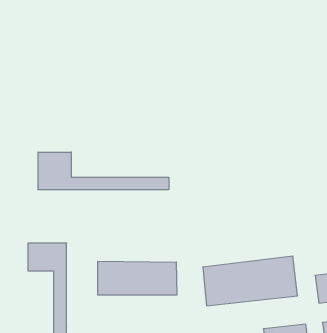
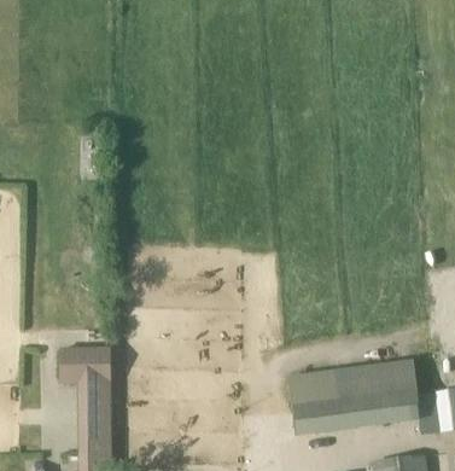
building: [38,152,169,190] -> none
building: [98,261,177,295] -> none

